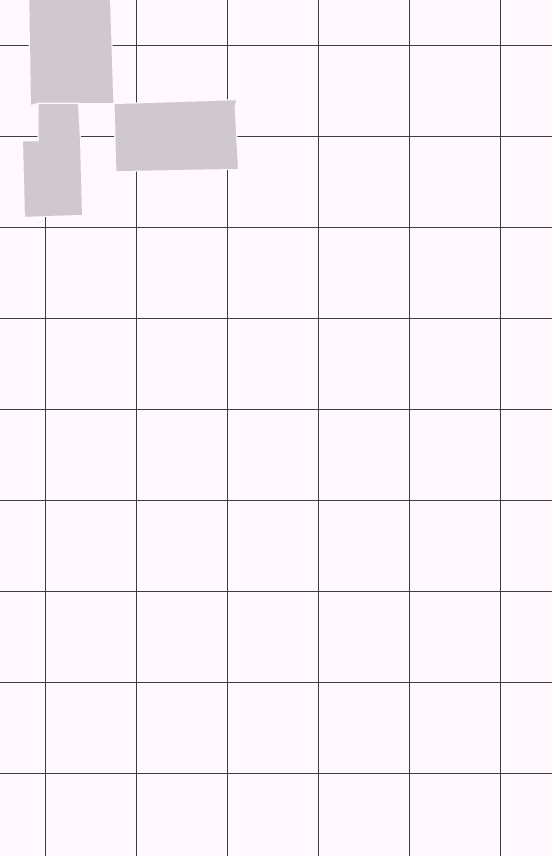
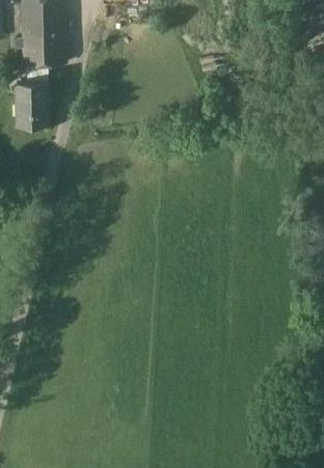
building: [114,100,239,172] -> none

